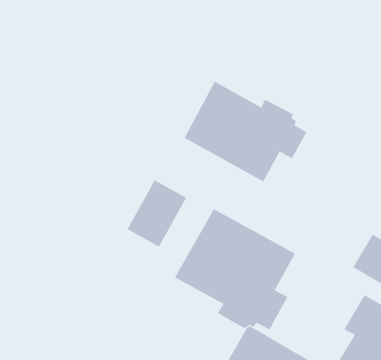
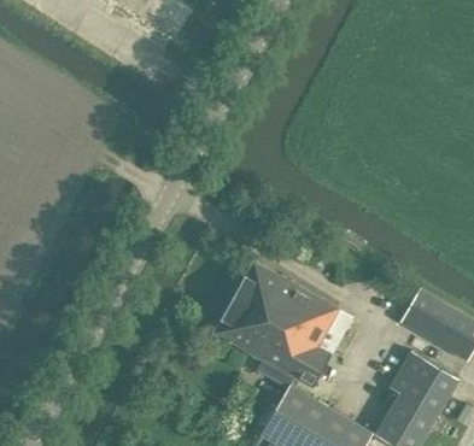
building: [184,81,307,182] -> none
building: [127,180,187,247] -> none

